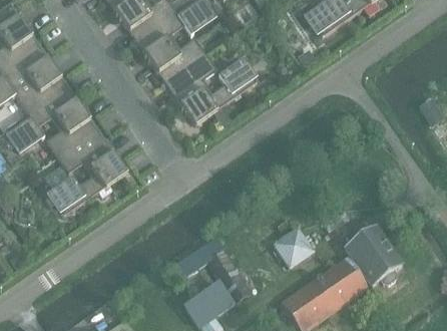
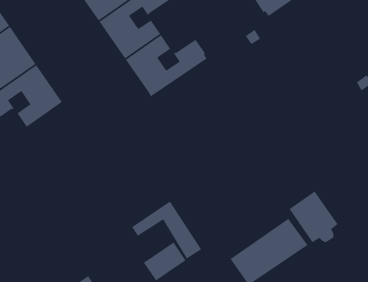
building: [48,128,126,214] -> none
building: [274,228,313,266] -> none

